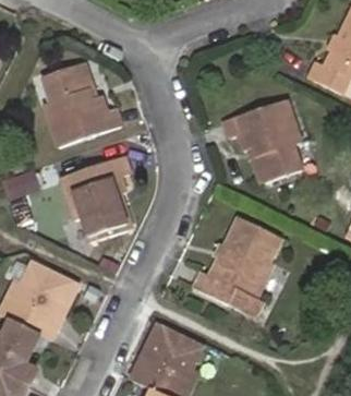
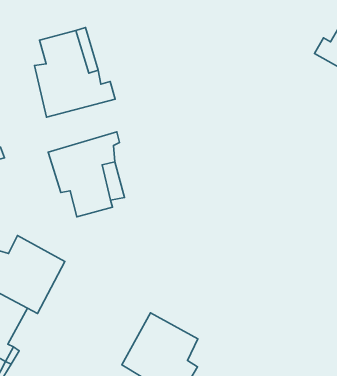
building: [223,98,299,177] -> none
building: [190,216,278,299] -> none

